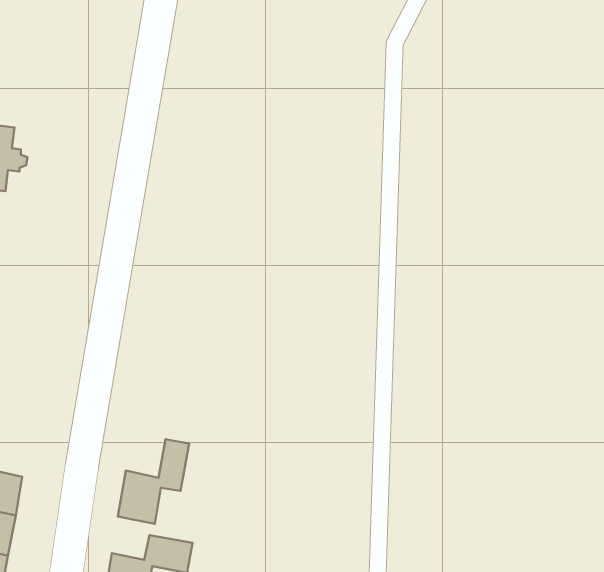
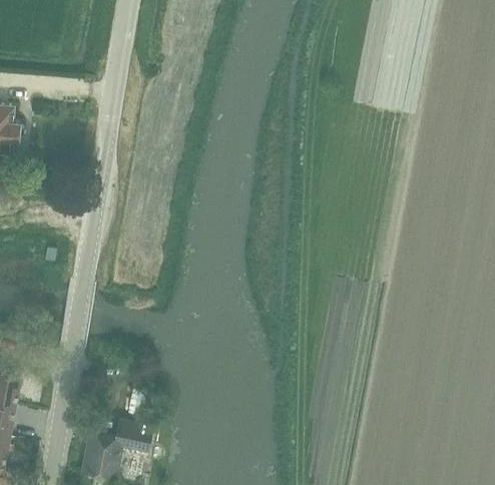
building: [118,439,189,524] -> none

